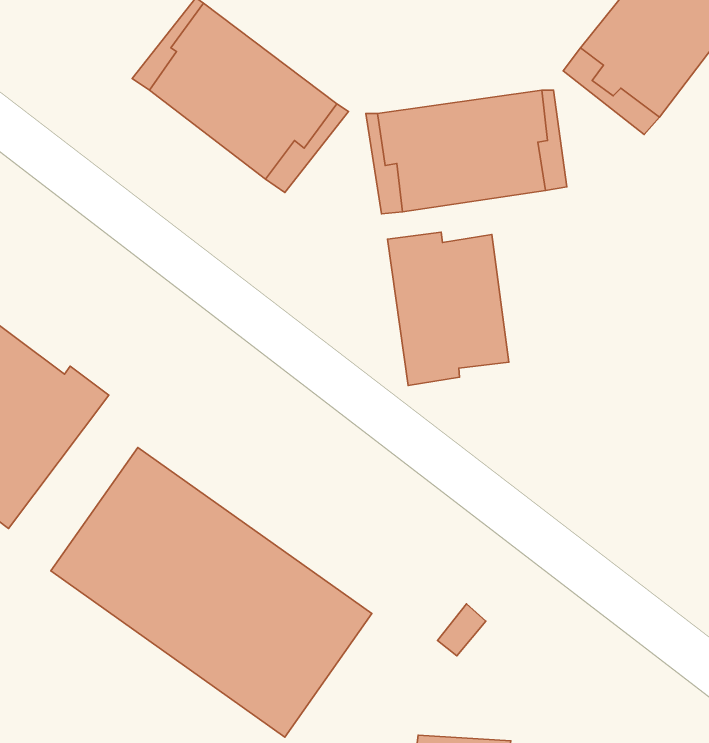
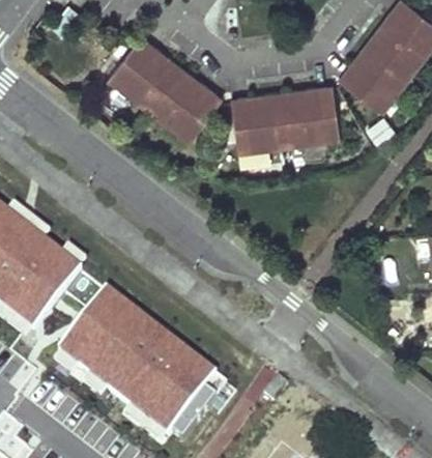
building: [388,232,509,385] -> none

